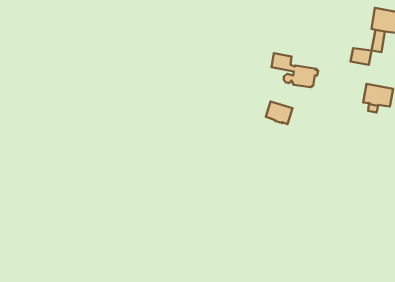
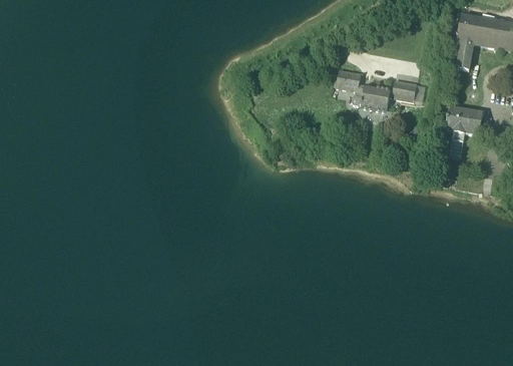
building: [351,48,371,65] -> [391,80,416,100]
building: [266,102,292,124] -> none

